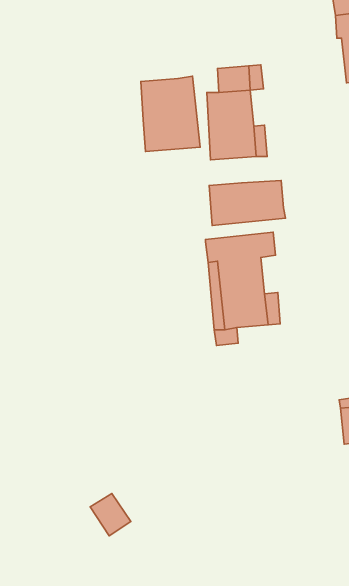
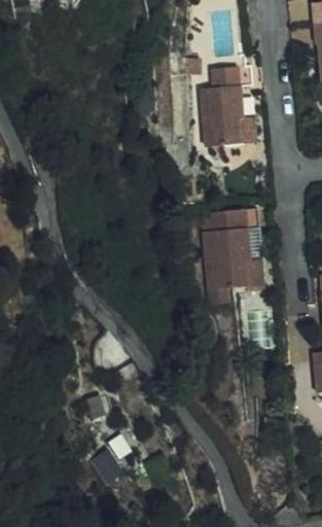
building: [141,76,200,151] -> none
building: [209,180,285,225] -> none

